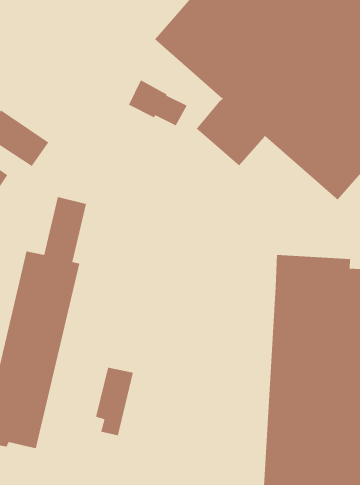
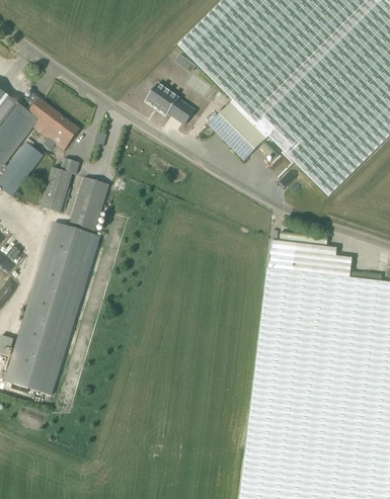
building: none -> [40,159,79,213]
building: [95,367,133,436] -> none

